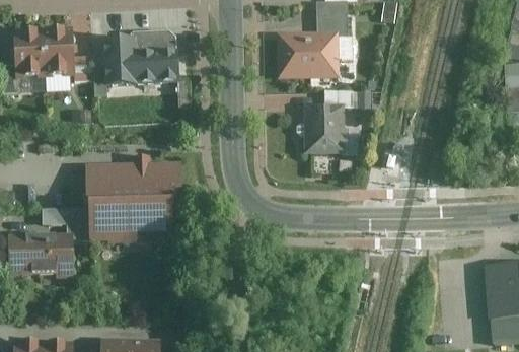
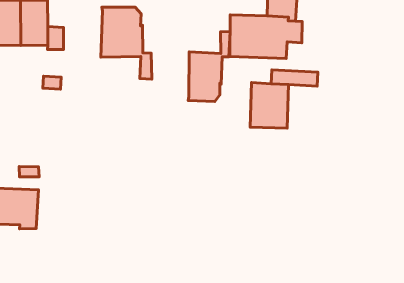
building: [102,34,135,88] -> none
building: none -> [188,31,230,101]
building: [87,155,183,244] -> none

